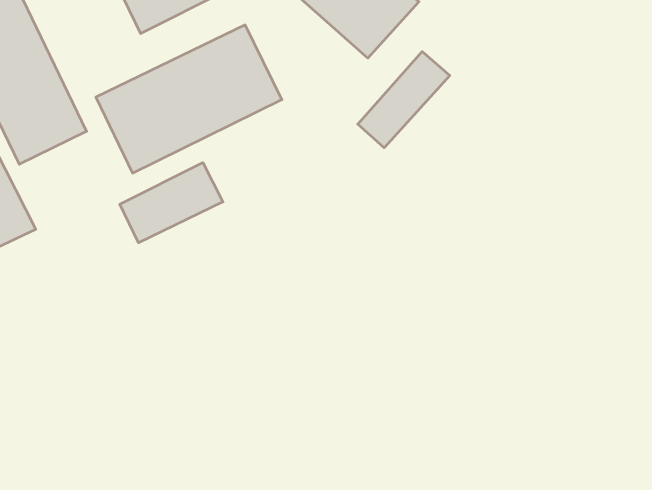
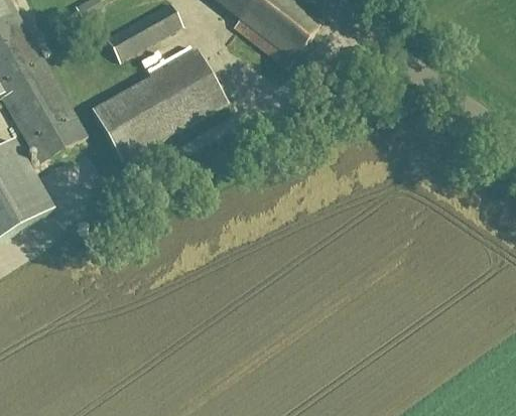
building: [358,52,450,148] -> none
building: [120,163,223,243] -> none

